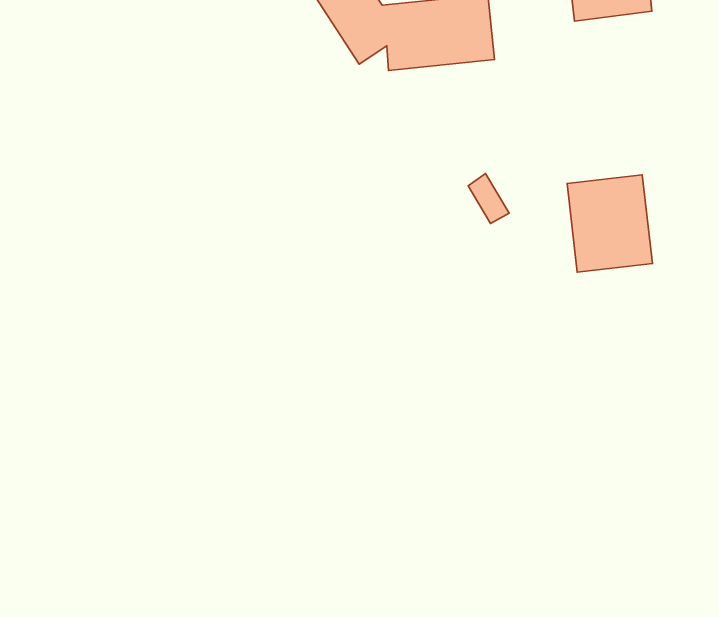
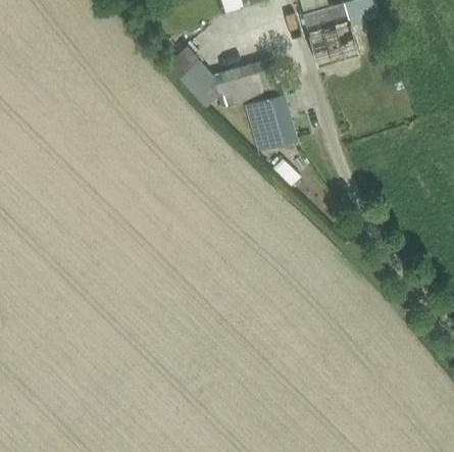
building: [567,175,652,272] -> [244,94,297,152]

